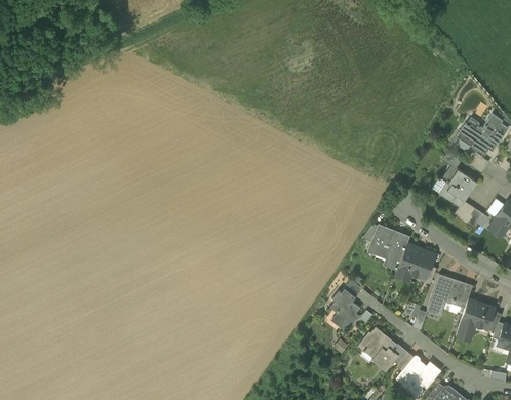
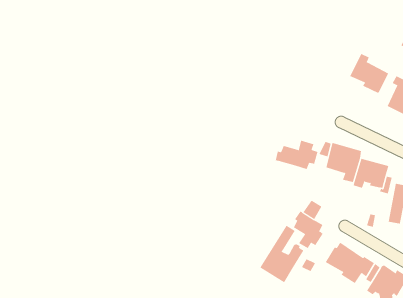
building: none -> [350,53,389,94]
building: none -> [275,140,318,170]
building: none -> [259,225,304,283]

